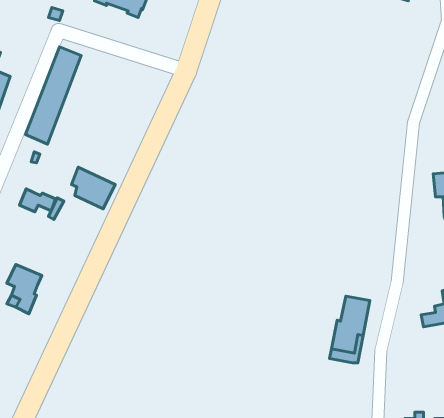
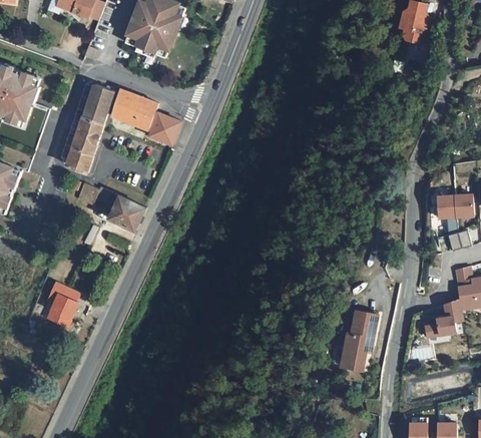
building: none -> [109,87,180,144]
building: [19,189,56,212] -> [75,182,108,203]

